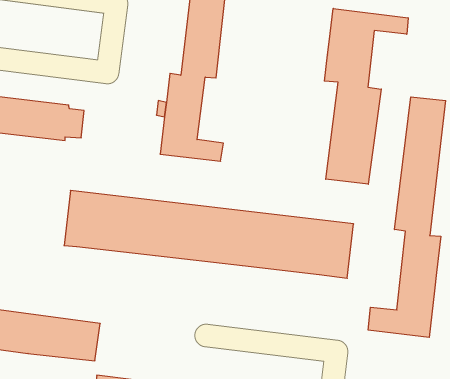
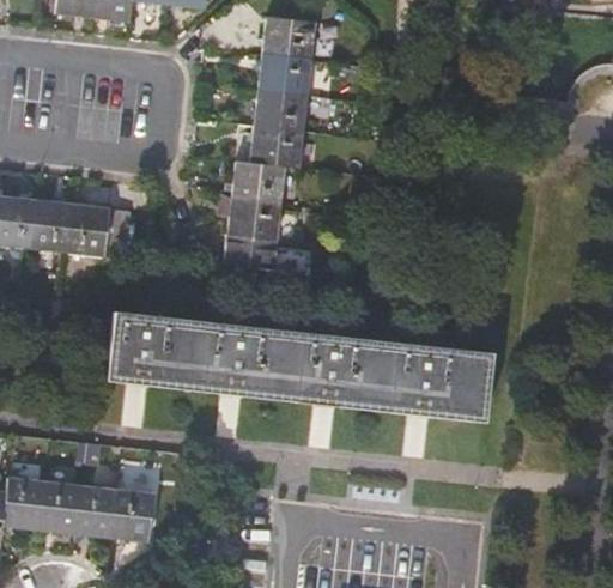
building: [324,8,408,184] -> none
building: [368,97,446,337] -> none

